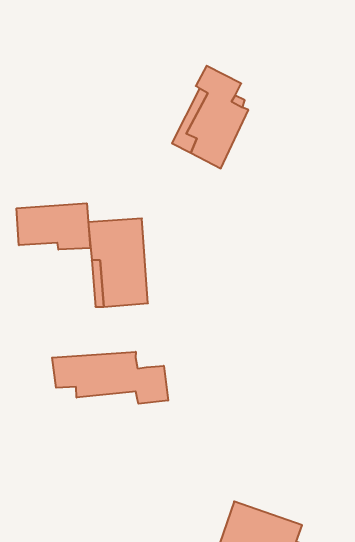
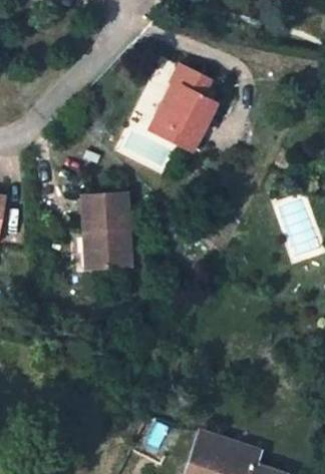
building: [17,203,90,250] -> none
building: [52,352,168,404] -> none

